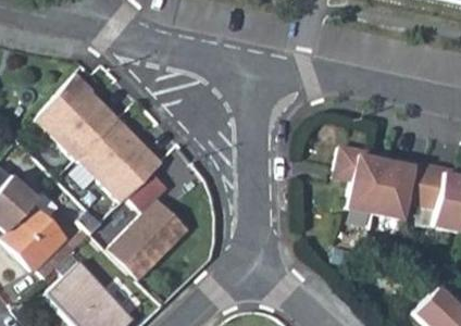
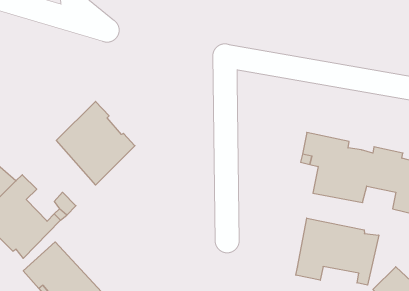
building: [36,72,123,158] -> none
building: [108,172,190,280] -> none
building: none -> [296,218,379,285]

